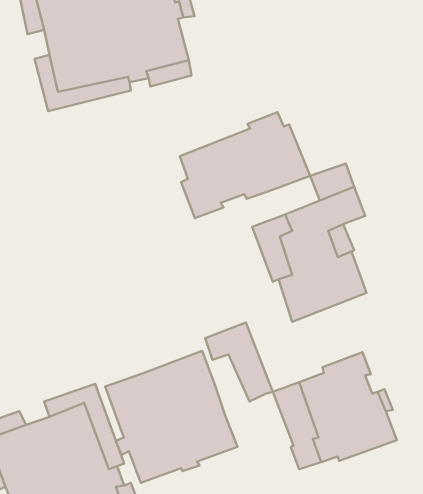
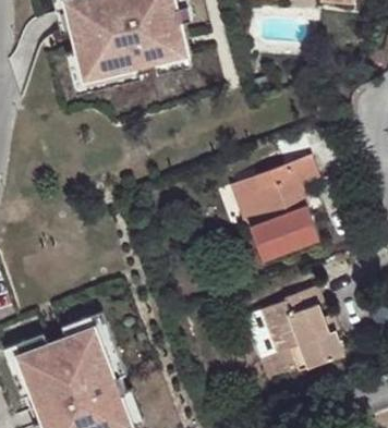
building: [180,112,310,218] -> none
building: [205,322,273,402] -> none
building: [105,351,238,483] -> none

